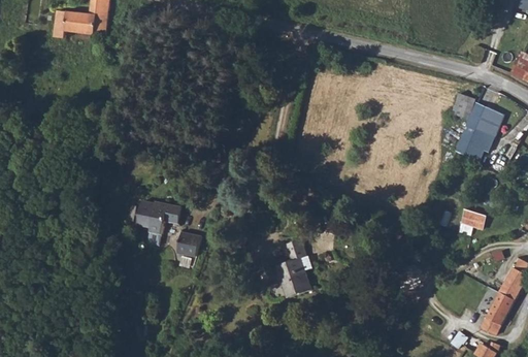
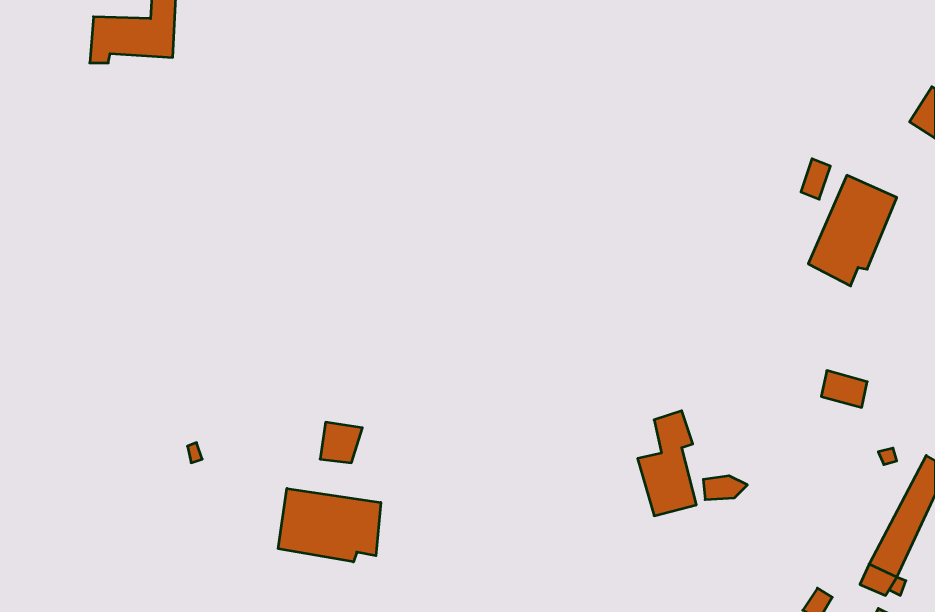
building: [138,208,179,240] -> none
building: [277,238,310,297] -> [638,411,696,516]
building: none -> [278,488,381,562]

